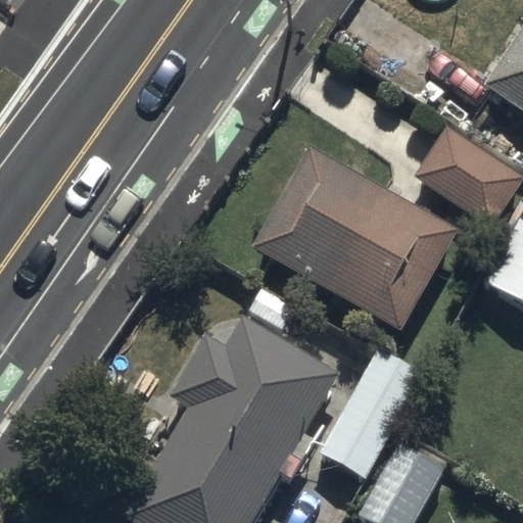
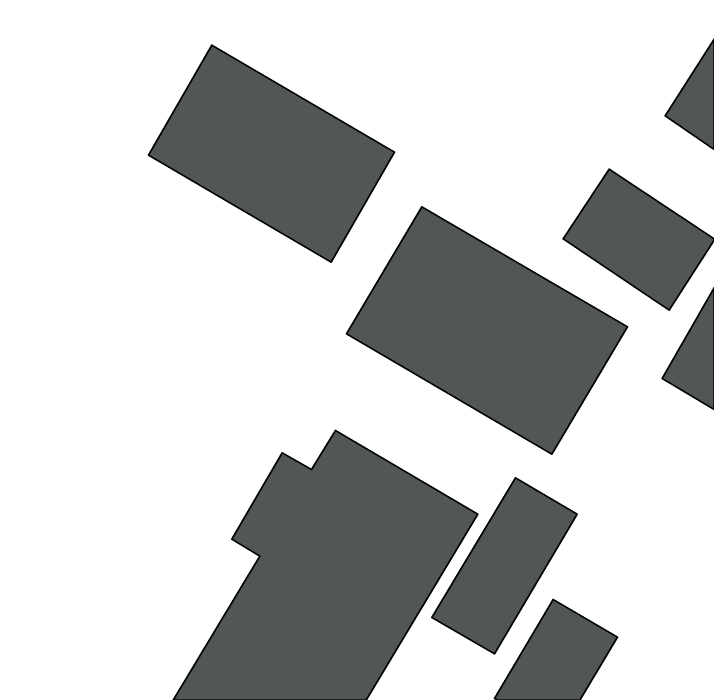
building: none -> [149,45,395,262]

